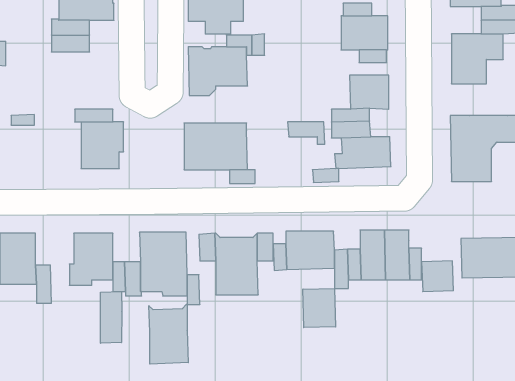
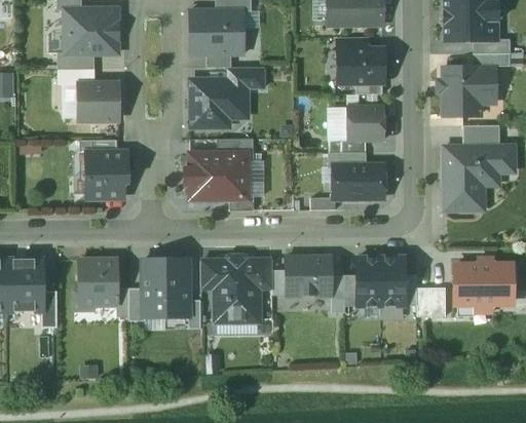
building: none -> [78,84,119,119]
building: none -> [462,125,499,146]
building: [288,122,325,144] -> [218,139,254,160]
building: [303,288,336,328] -> none
building: [101,292,122,343] -> none
building: [149,304,188,364] -> none

